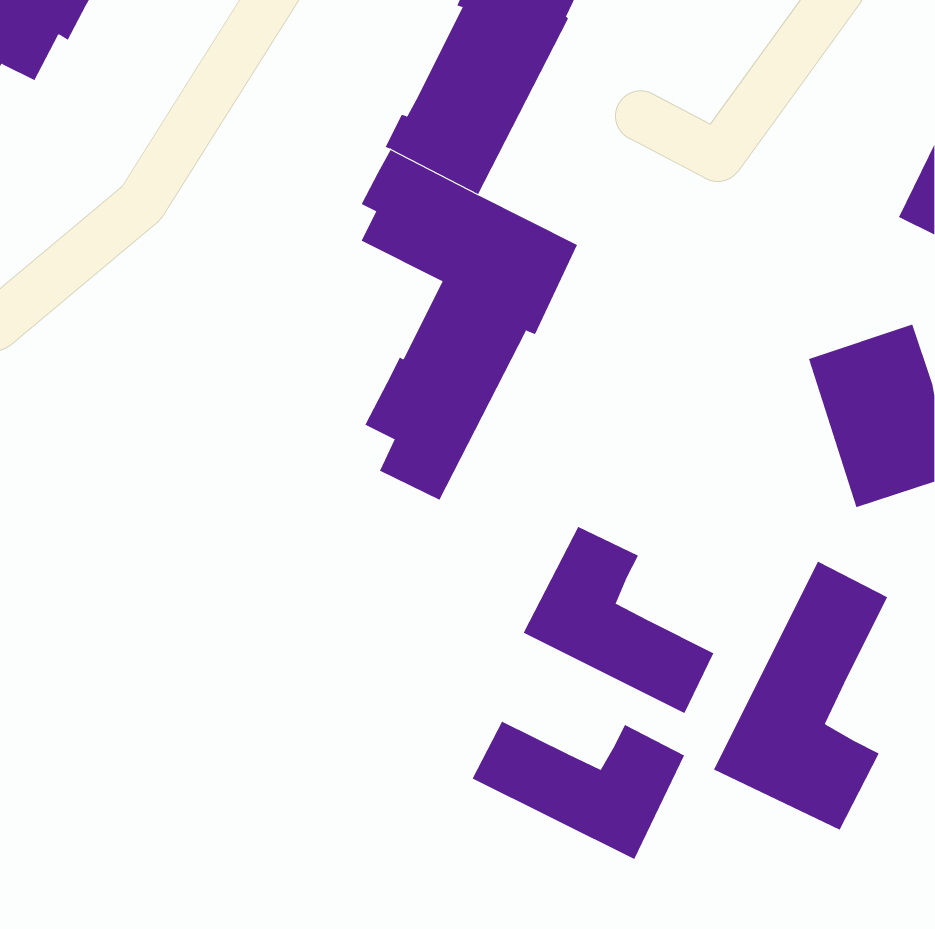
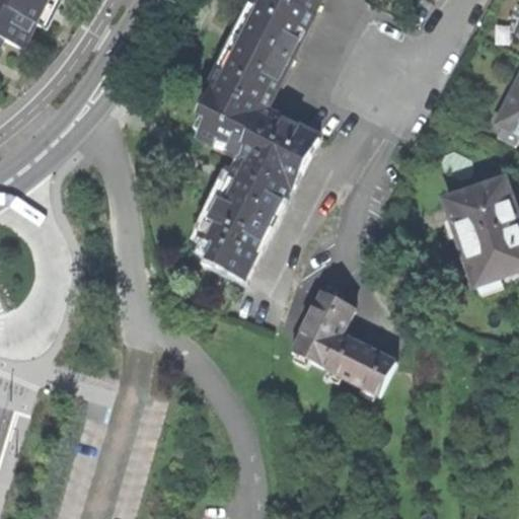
building: [713,561,888,831] -> none
building: [472,721,685,860] -> none

